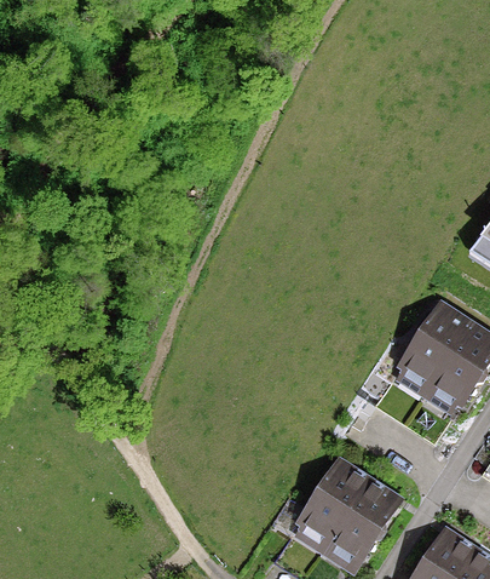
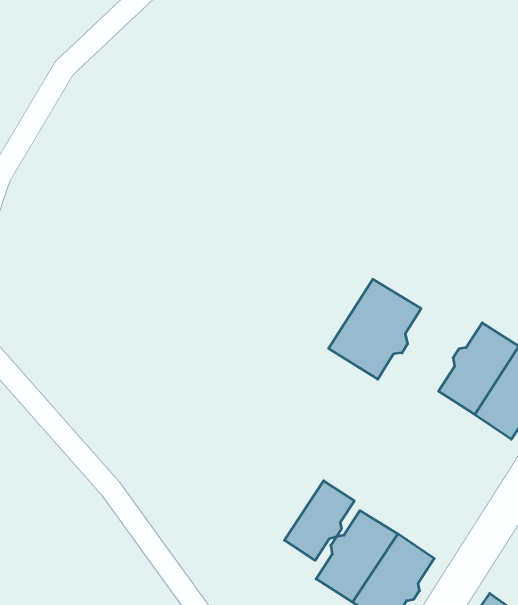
building: none -> [329,279,421,379]
building: none -> [284,481,354,560]

